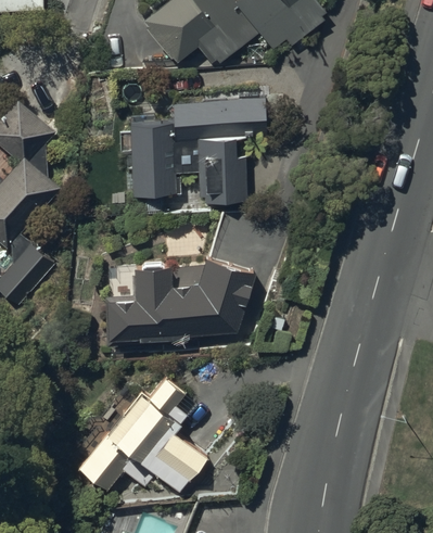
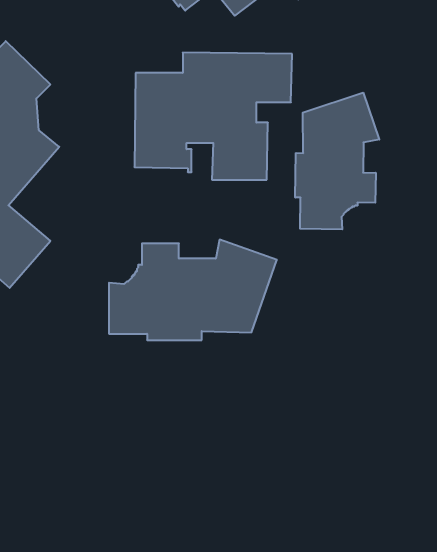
building: none -> [295,93,379,229]
building: [79,370,213,486] -> none

